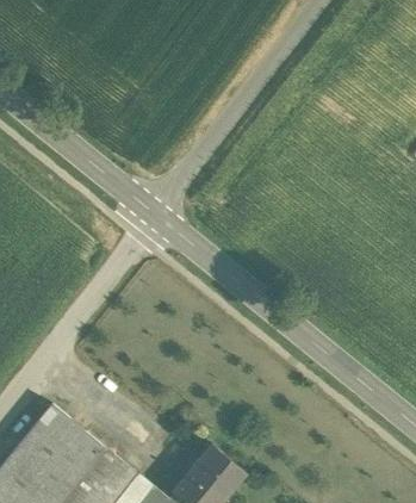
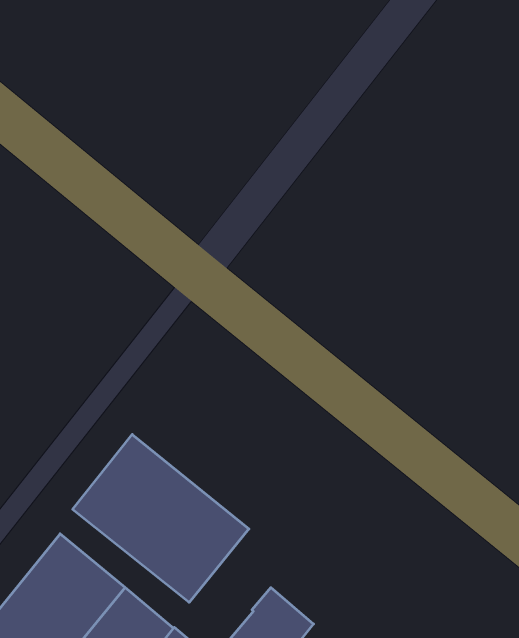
building: none -> [73,434,249,602]

